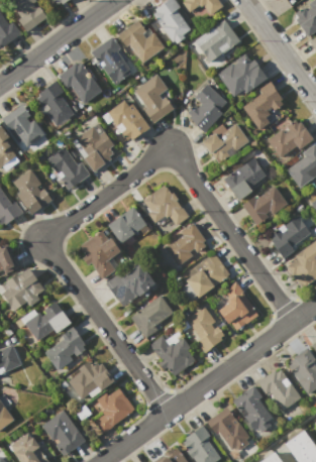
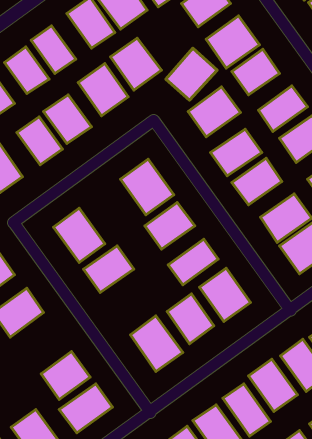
building: [108,206,146,242] -> none
building: [131,295,176,337] -> none
building: [45,330,89,370] -> none

